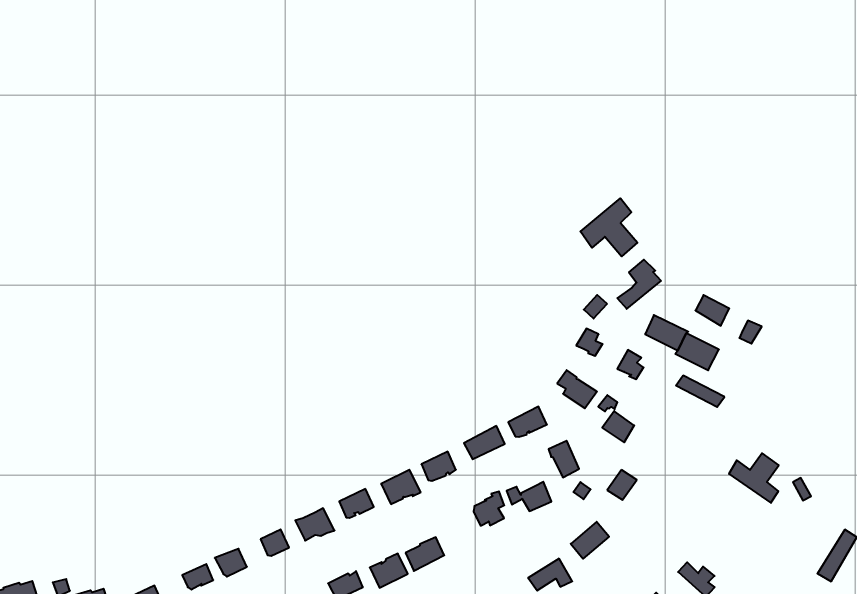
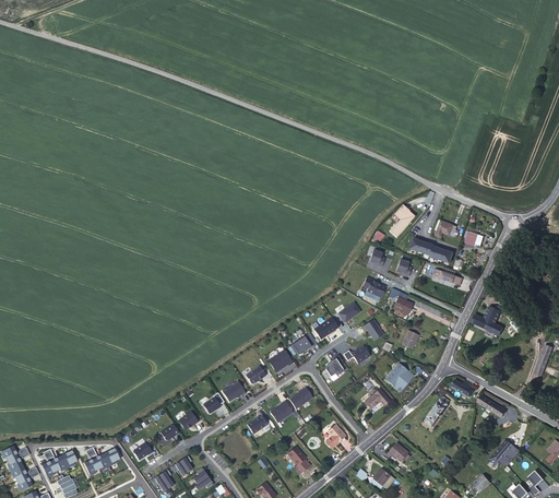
building: [580,198,637,256] -> none

